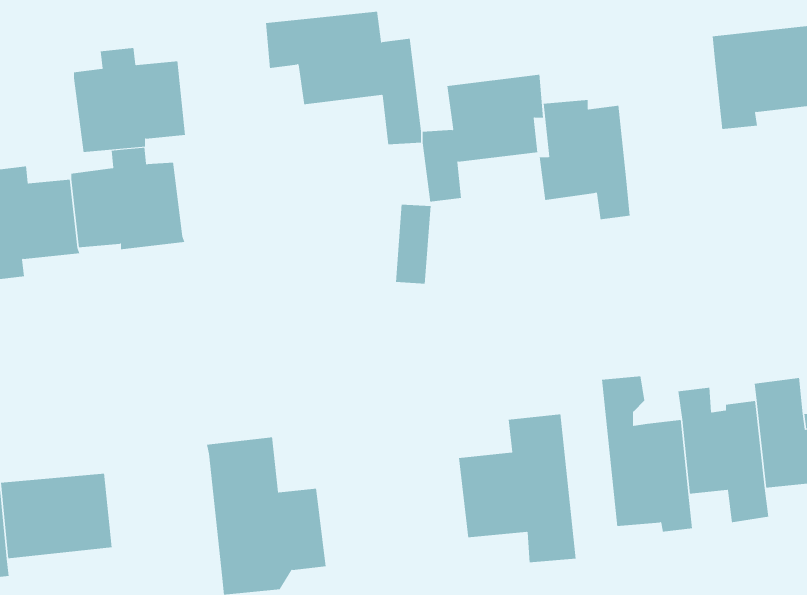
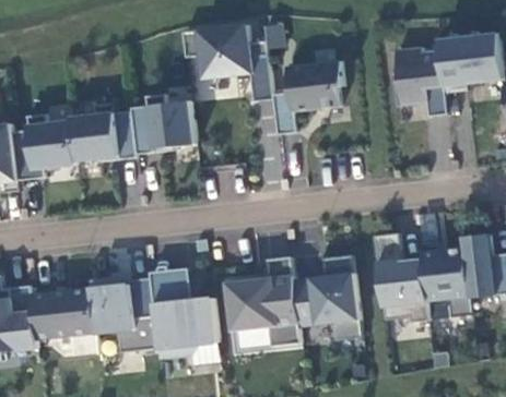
building: [73,48,186,152] -> [130,94,195,154]
building: [539,100,631,220] -> [393,48,446,117]
building: none -> [227,256,299,346]
building: none -> [90,278,157,353]

